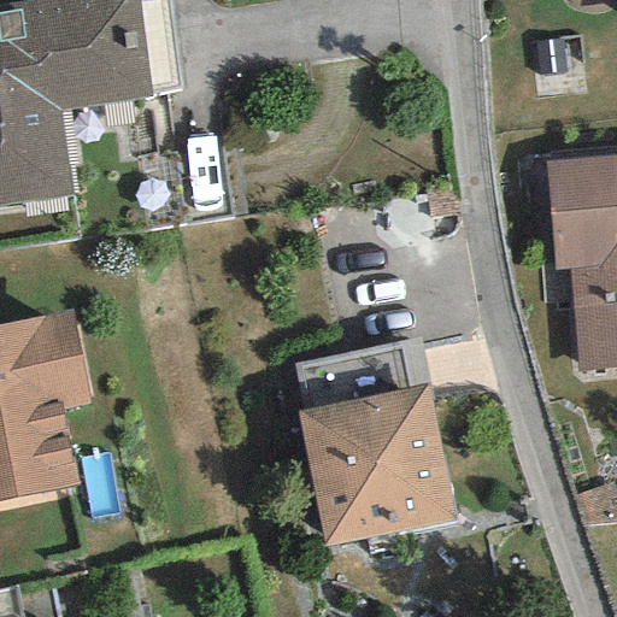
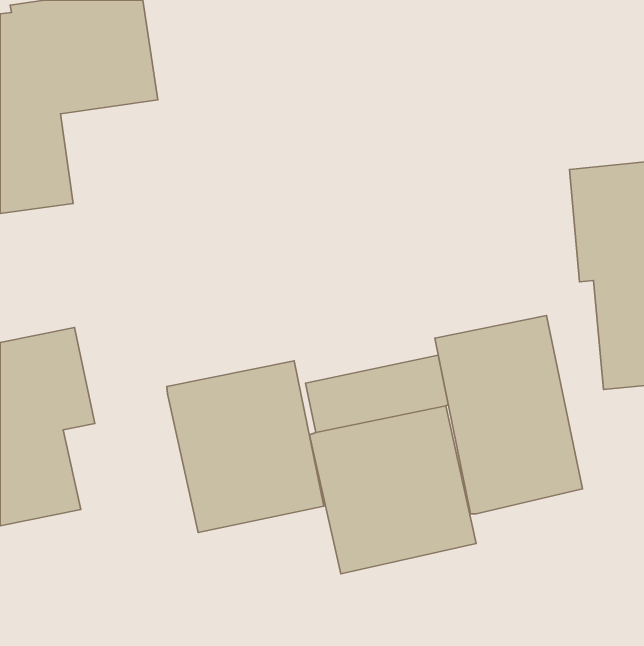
building: none -> [435,315,582,514]
building: none -> [167,361,324,532]

